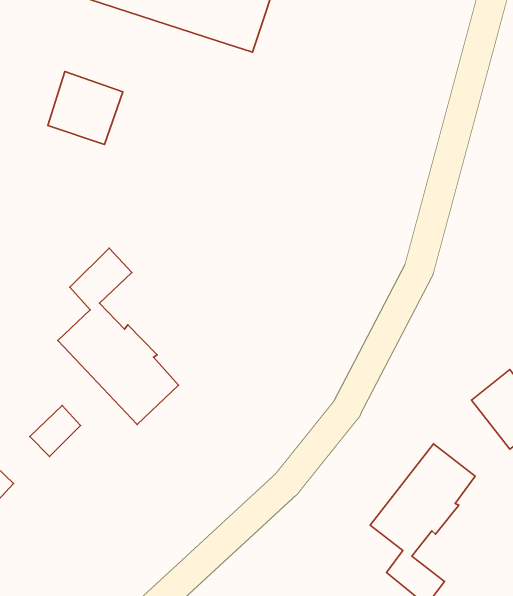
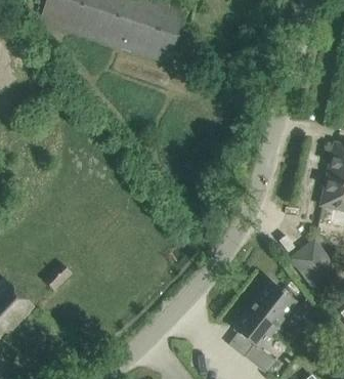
building: [48,71,123,144] -> none
building: [58,248,179,425] -> none

